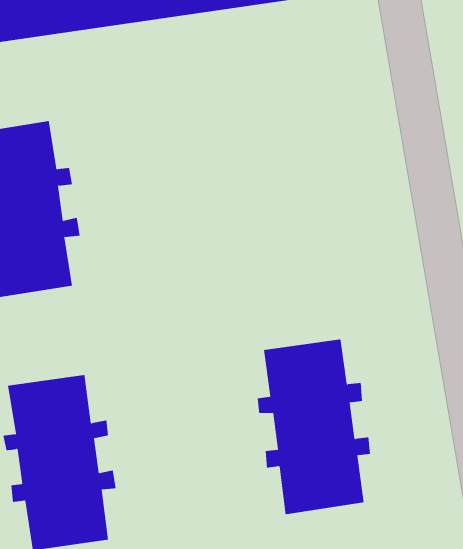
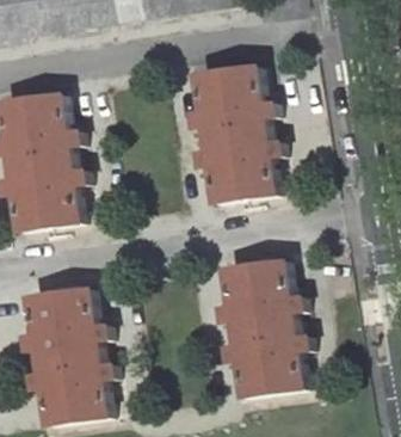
building: none -> [191,67,280,202]

